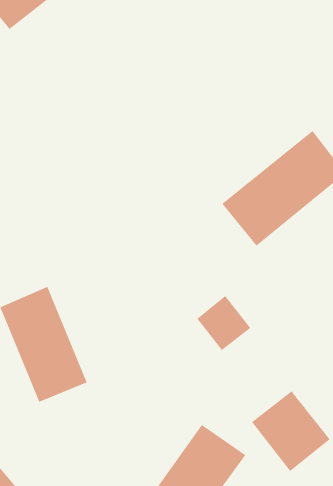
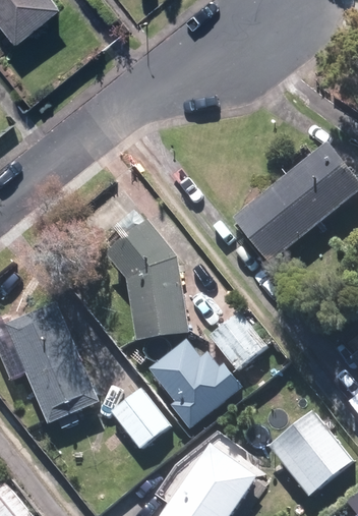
building: none -> [106,219,189,339]
building: none -> [150,339,243,429]
building: none -> [110,387,169,448]

